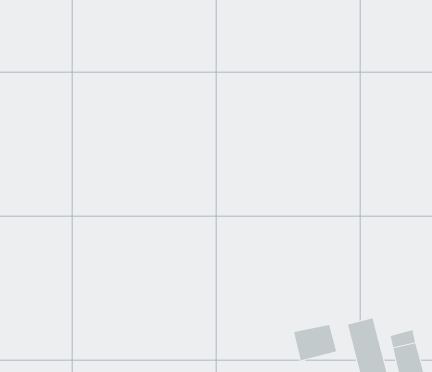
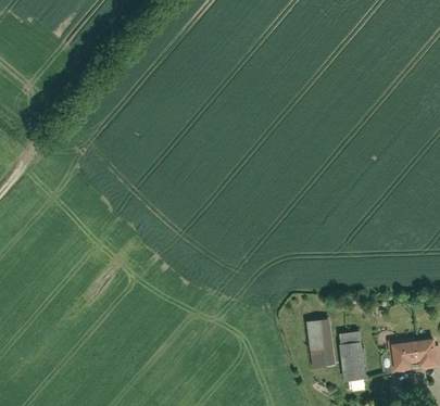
building: [294,324,337,361] -> none

